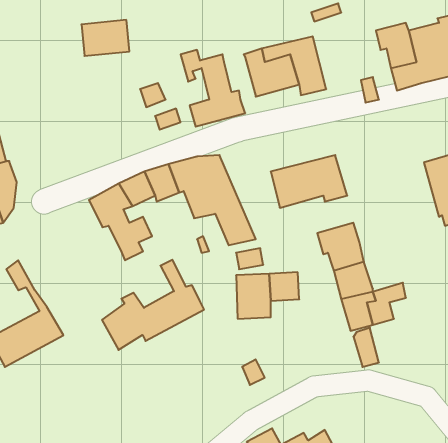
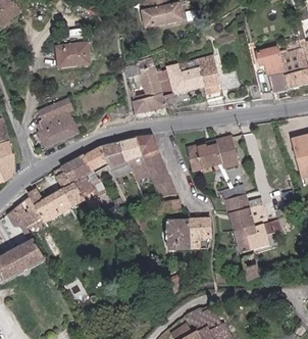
building: none -> [155,69,176,98]
building: none -> [38,98,78,146]
building: [102,260,204,350] -> [15,166,85,228]

